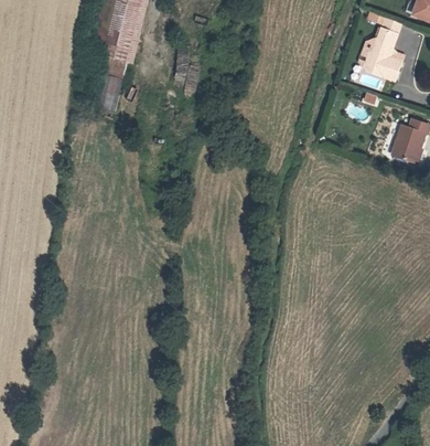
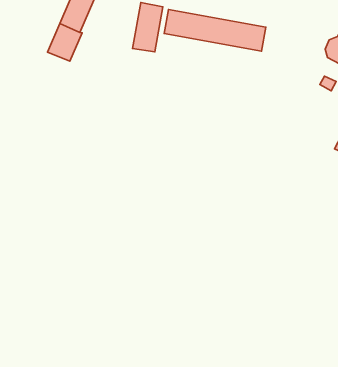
building: none -> [164,10,266,51]

